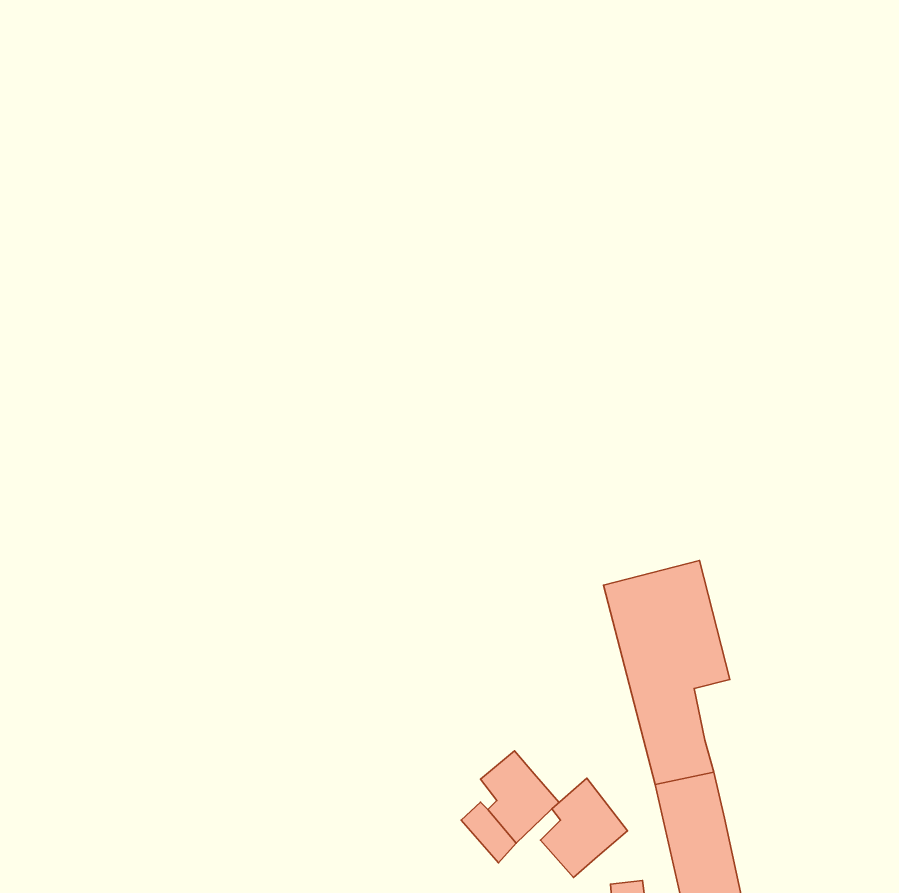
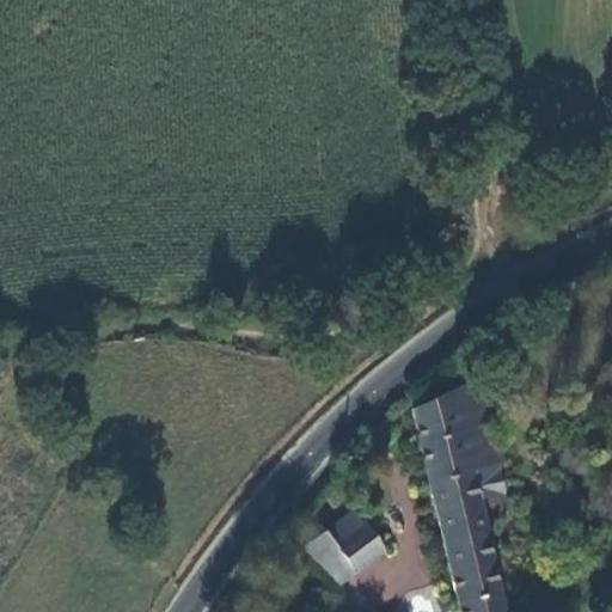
building: [541,778,628,877] -> none

